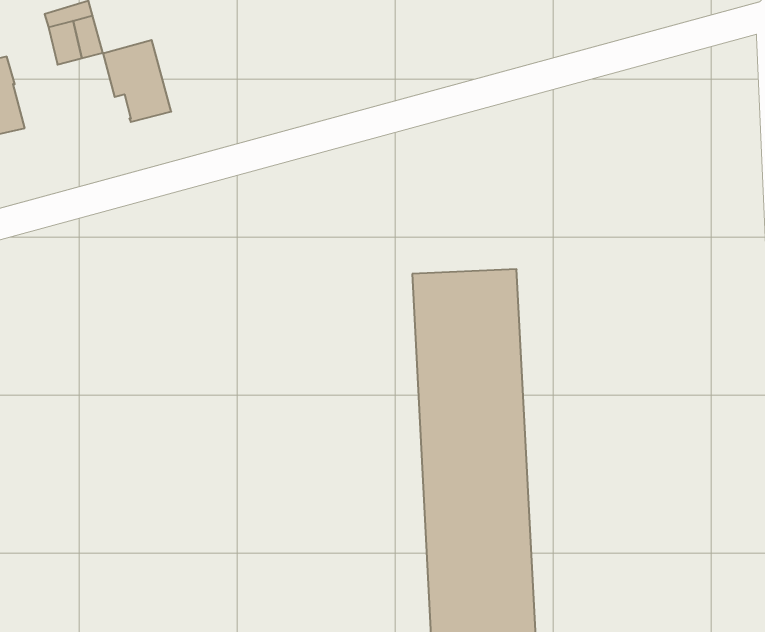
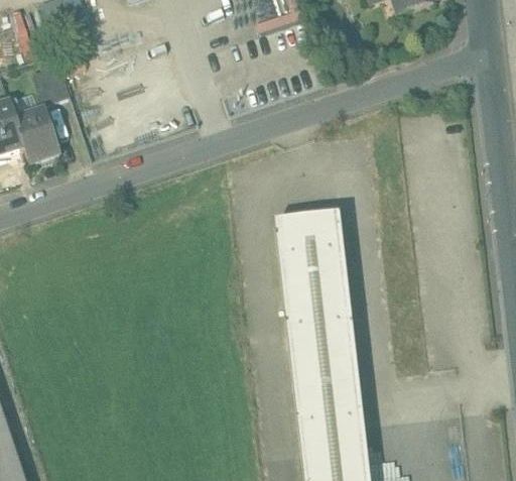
building: [103,40,171,122] -> [16,108,61,160]

